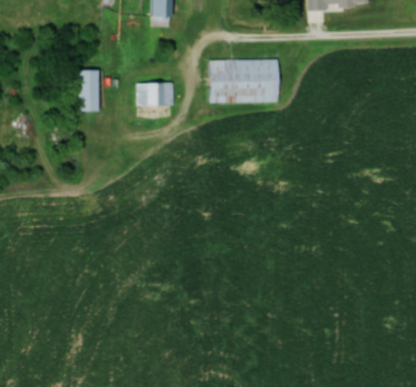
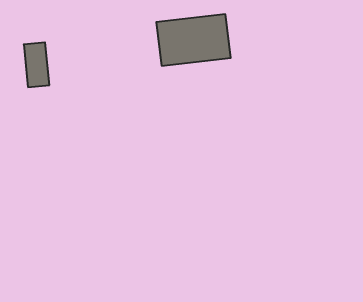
building: [137,82,170,106] -> none

